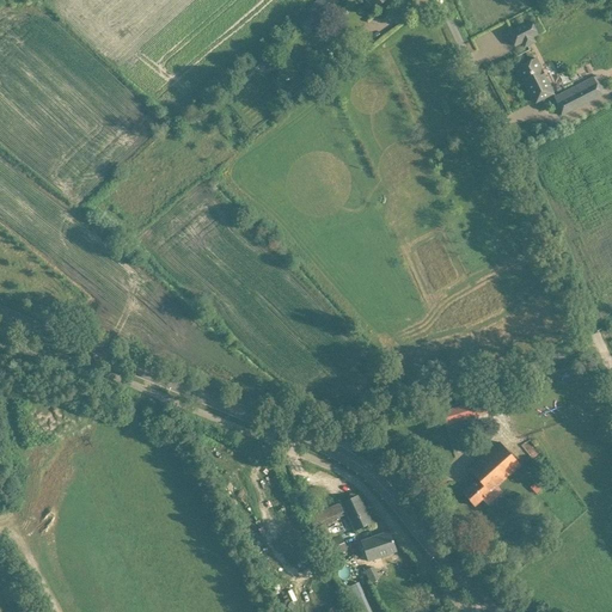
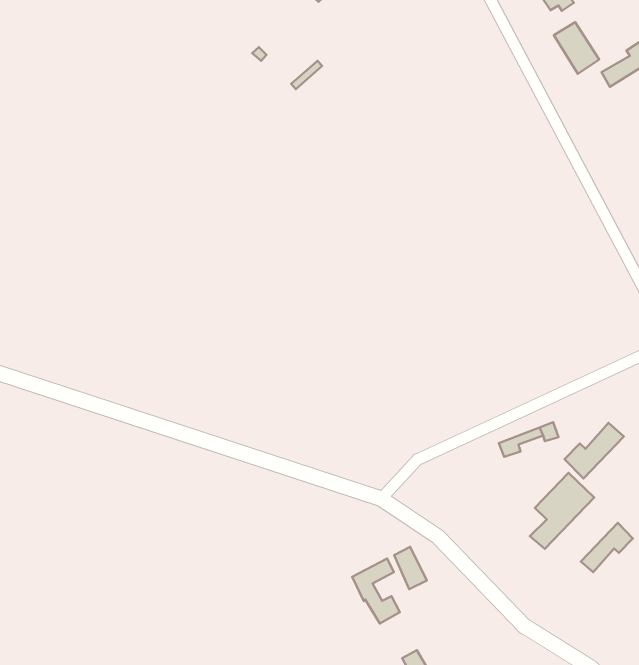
building: none -> [564,423,624,479]
building: none -> [581,523,633,572]
building: [362,530,398,561] -> none

